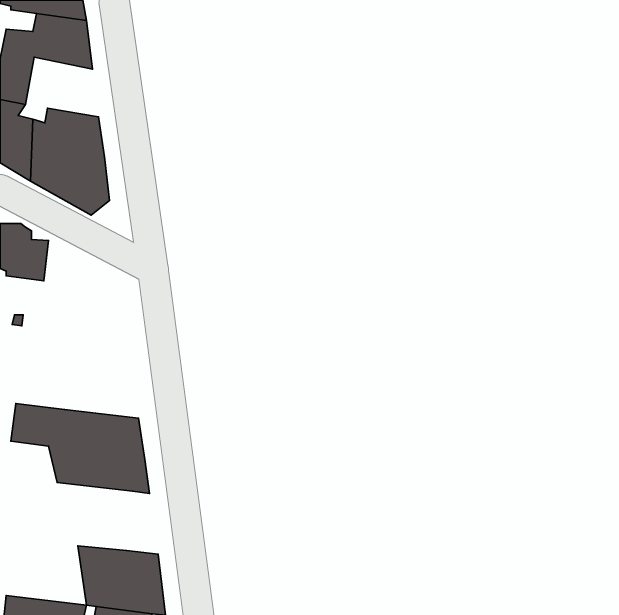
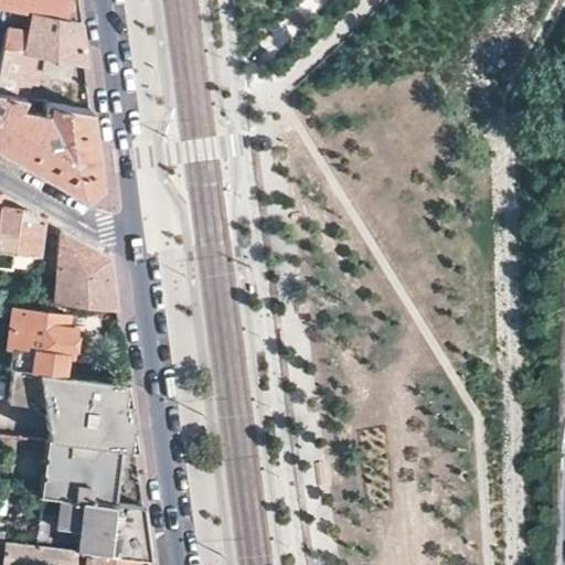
building: none -> [50,232,118,313]
building: none -> [8,311,82,377]
building: none -> [42,443,122,505]

